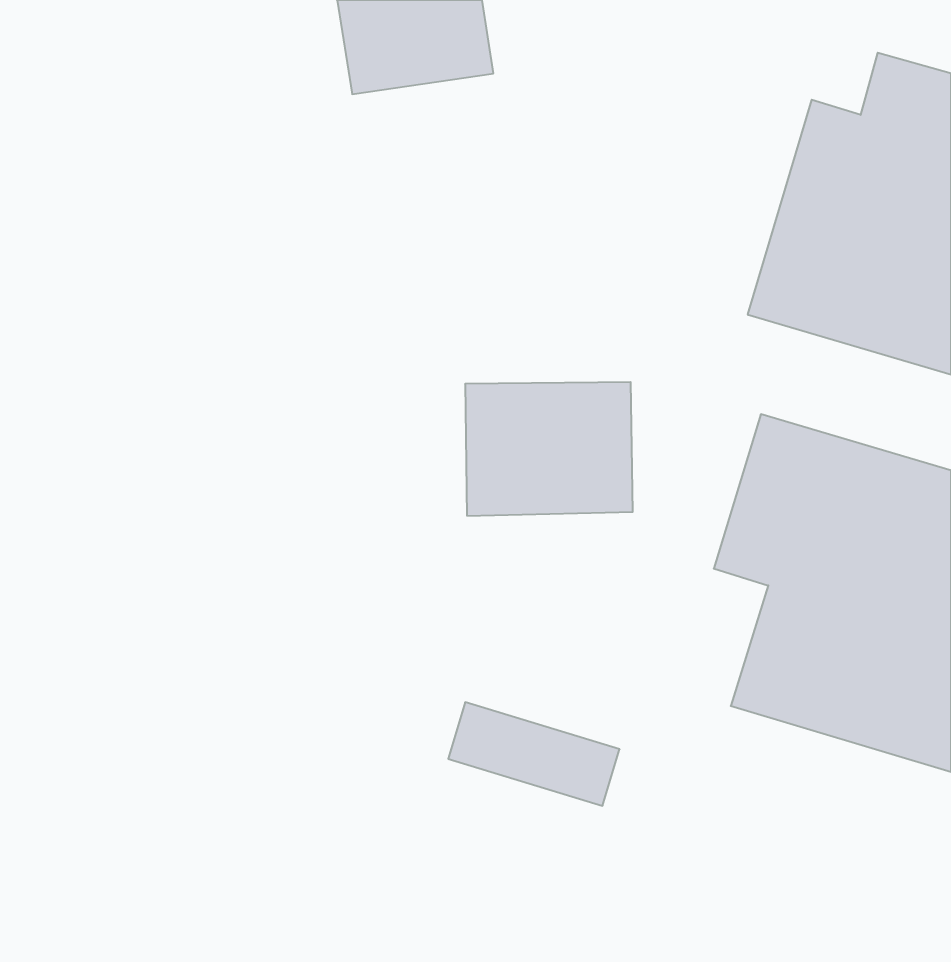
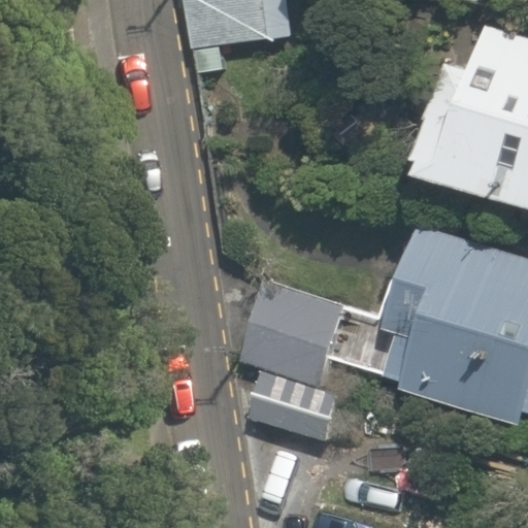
building: [465,382,633,516] -> [257,290,349,363]

